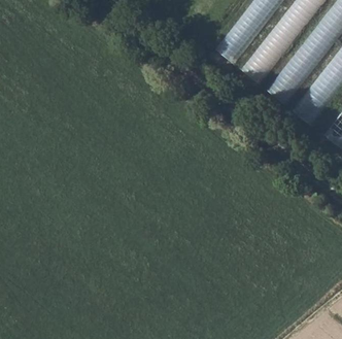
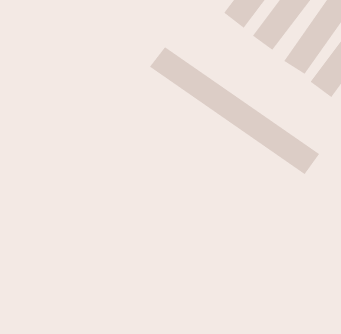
building: none -> [149,46,320,175]

